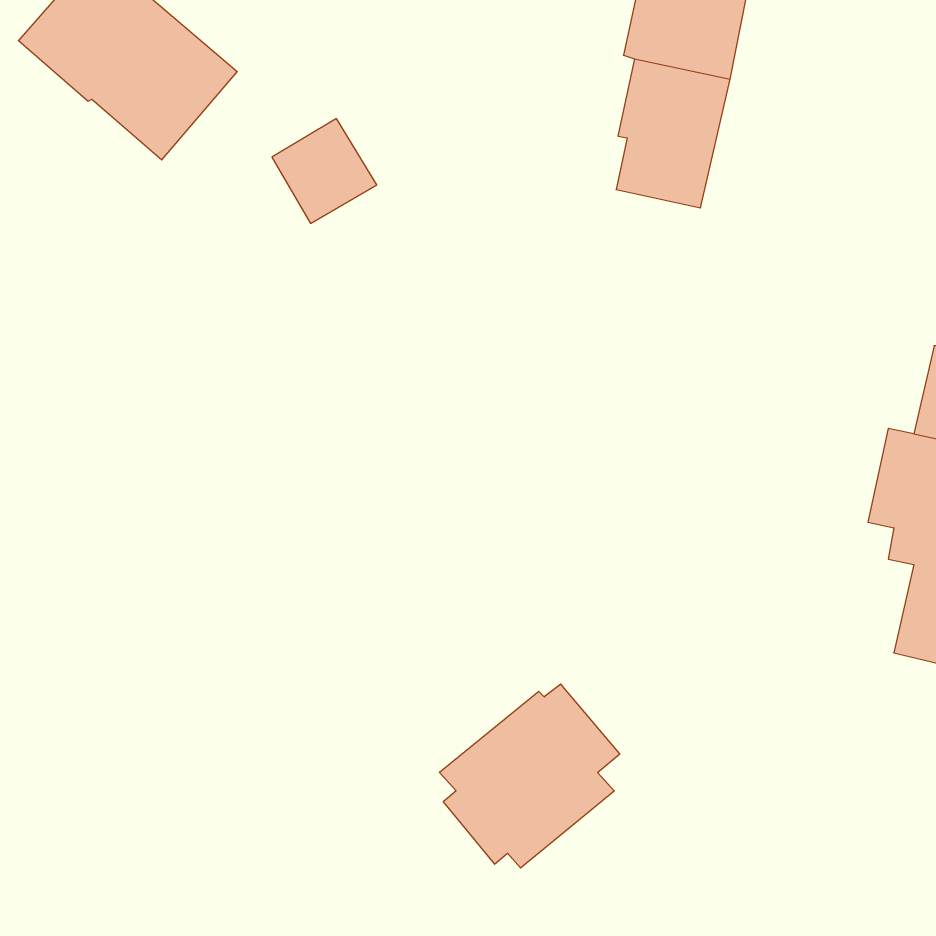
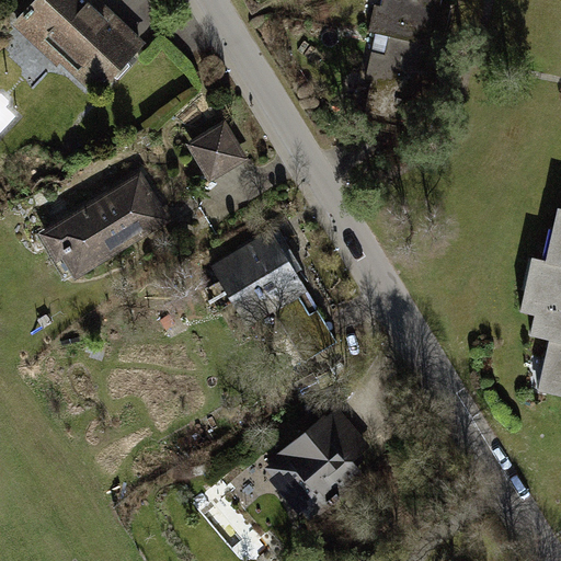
building: [272,119,377,223] -> [185,122,248,184]
building: none -> [34,170,169,279]
building: none -> [210,230,298,316]

